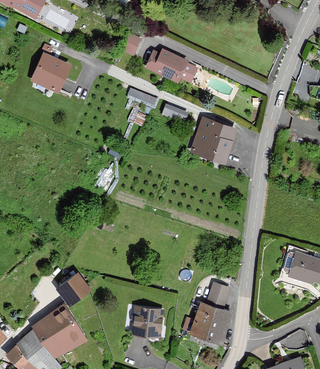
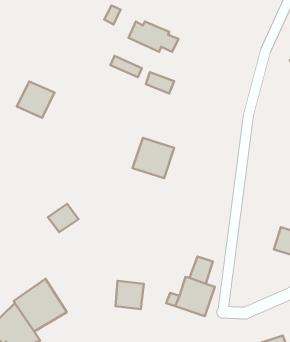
building: [31,54,68,90] -> [17,81,54,118]
building: [192,119,233,159] -> [133,138,174,178]
building: [58,274,88,302] -> [48,204,78,232]

